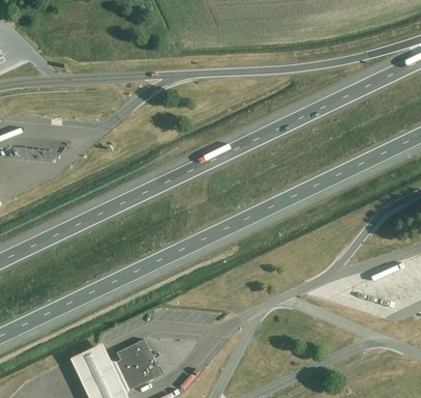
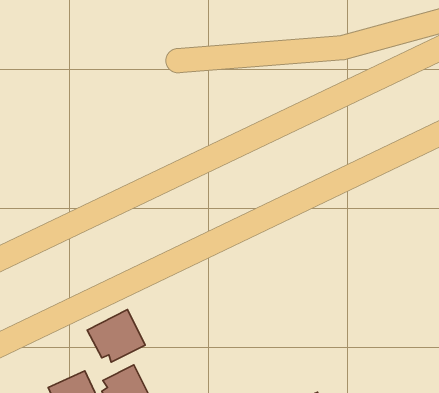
building: none -> [87,309,145,362]

